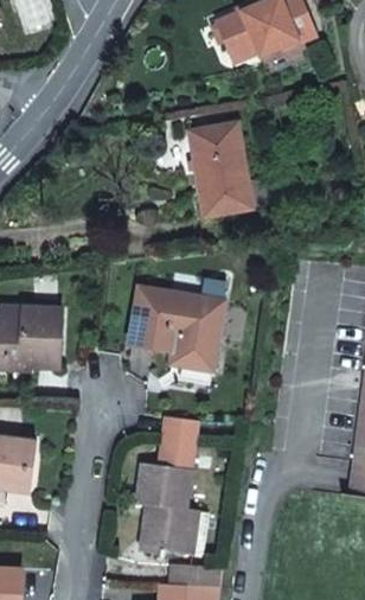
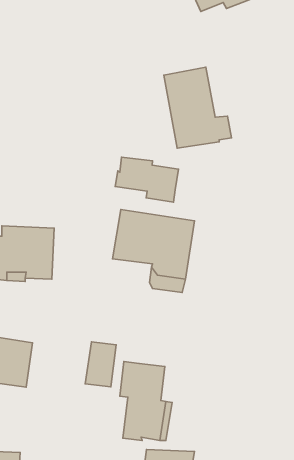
building: none -> [115,157,178,202]
building: [161,416,197,468] -> [85,342,116,387]

